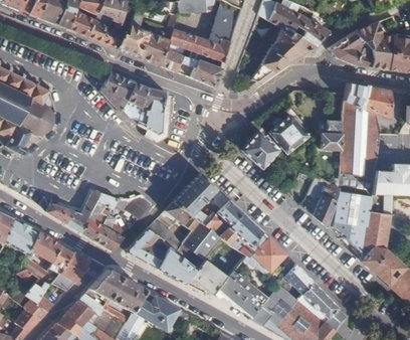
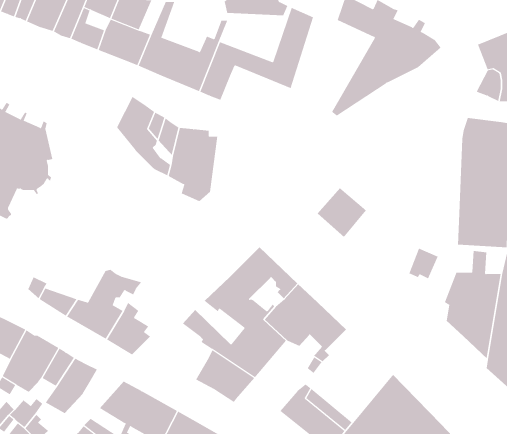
building: [329,32,362,65] -> none
building: [175,54,222,88] -> none
building: [249,115,311,154] -> none
building: [323,121,343,151] -> none
building: [313,181,340,228] -> none
building: [116,194,152,219] -> none
building: [127,228,166,269] -> none
building: [248,232,285,272] -> none
building: [186,260,228,296] -> none

